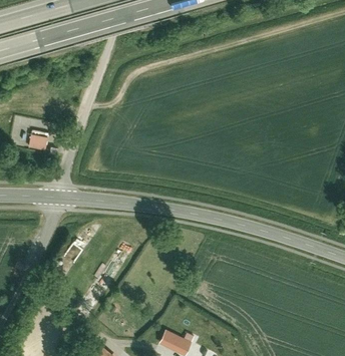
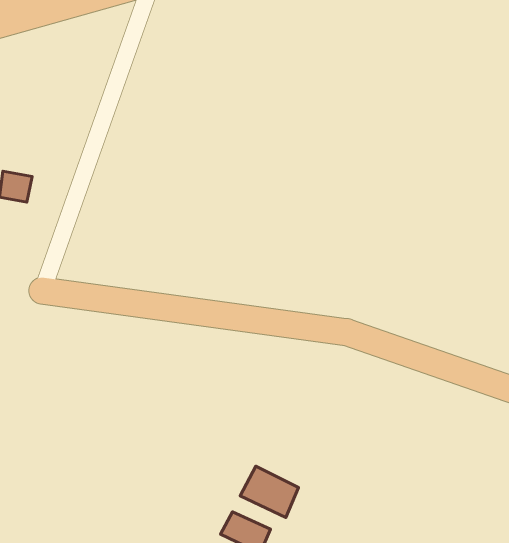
building: none -> [240,466,298,518]

